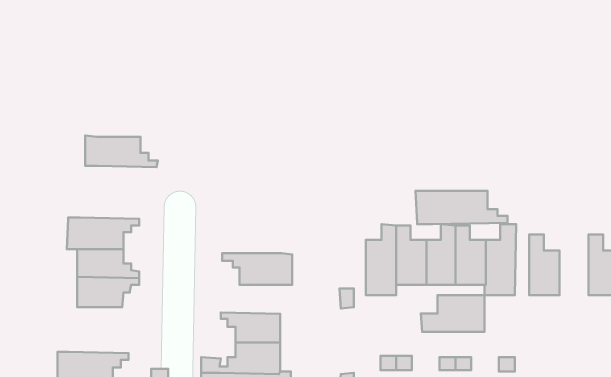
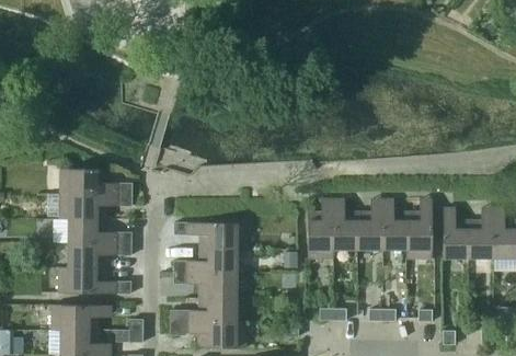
building: [85,136,158,167] -> [60,168,121,194]
building: [416,191,508,224] -> none
building: none -> [469,207,493,257]
building: none -> [187,249,238,273]
building: [421,295,484,332] -> none
building: none -> [59,267,118,294]

